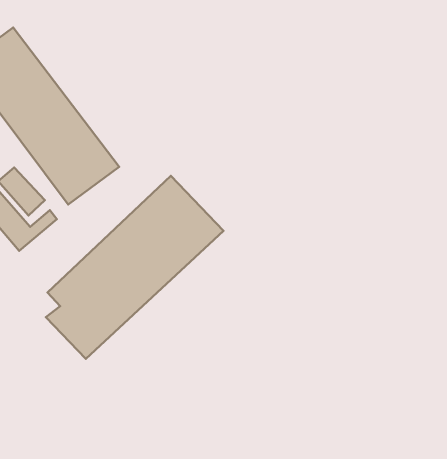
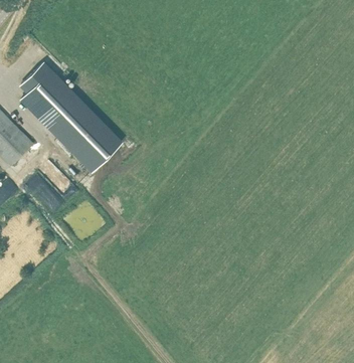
building: [46,176,223,359] -> none

